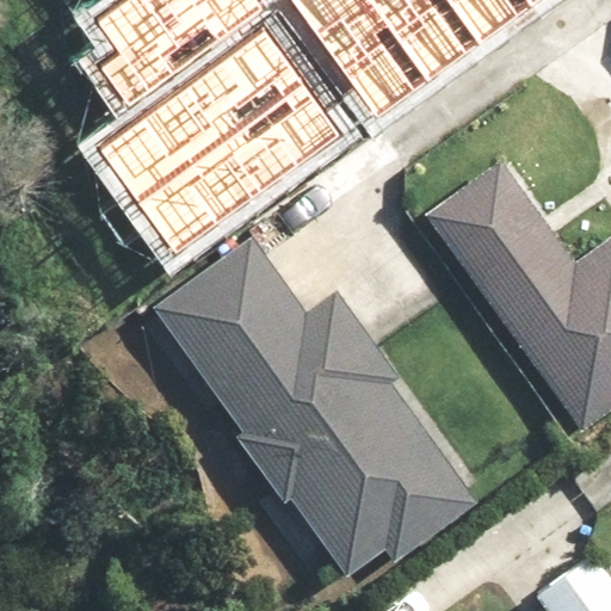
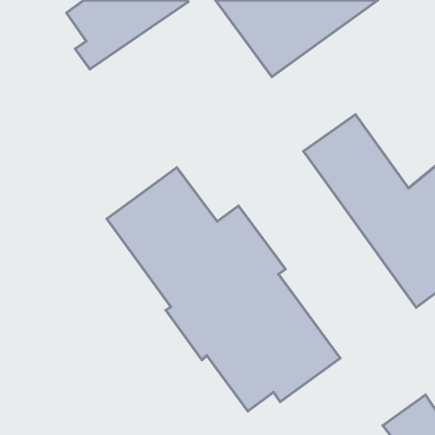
building: [98,31,339,252] -> none

